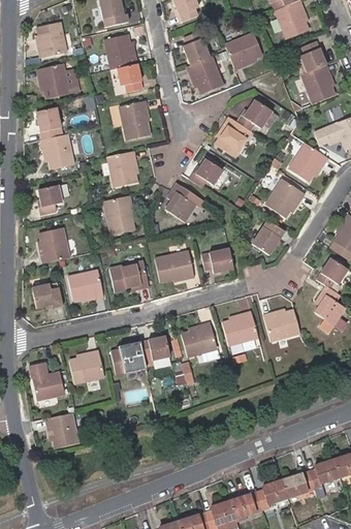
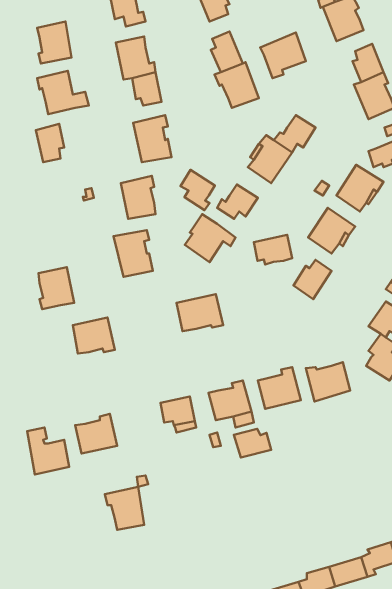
building: [41,134,73,169] -> none
building: none -> [180,170,215,210]
building: [38,185,62,215] -> none
building: [201,248,233,273] -> [254,235,292,264]
building: [108,259,149,291] -> none
building: [31,283,62,308] -> none
building: [111,341,147,375] -> none
building: none -> [234,429,271,458]
building: [44,412,77,448] -> [105,487,144,530]

